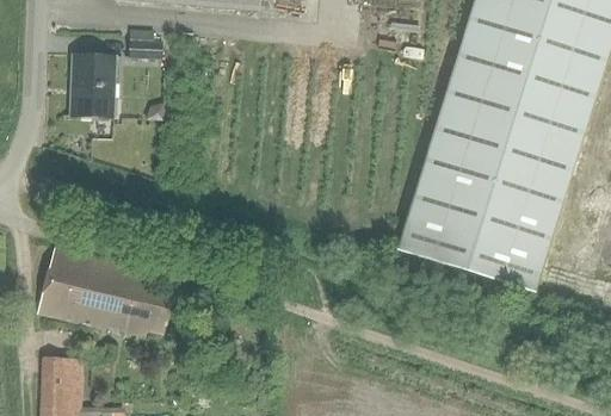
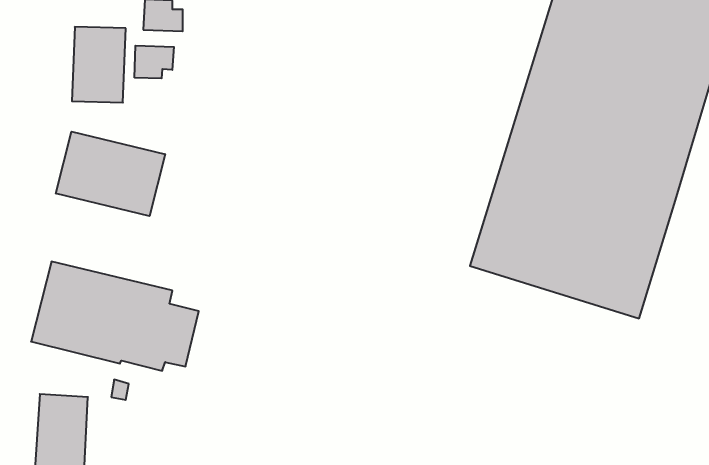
building: none -> [135,46,174,78]
building: none -> [56,132,165,216]

